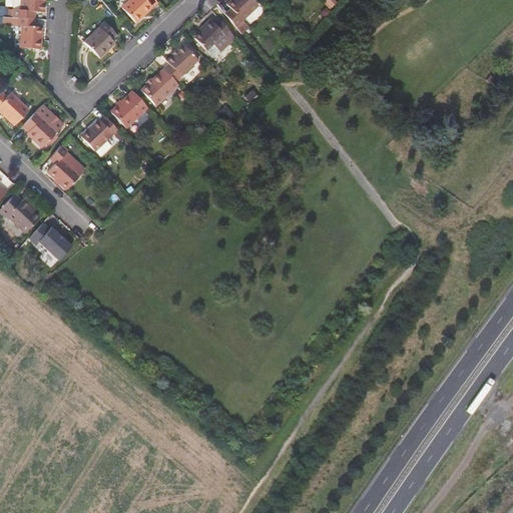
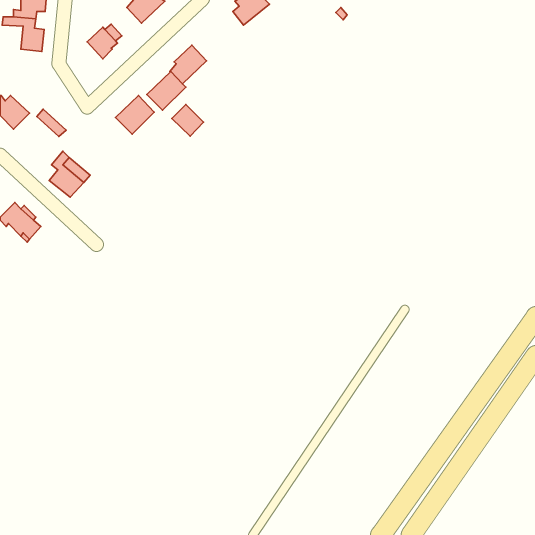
building: [194,19,230,49] -> none
building: none -> [172,104,203,136]
building: [23,111,57,147] -> none
building: [81,115,119,149] -> none
building: [30,222,73,260] -> none

